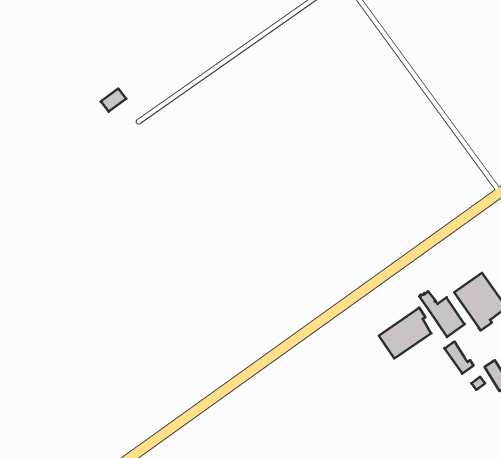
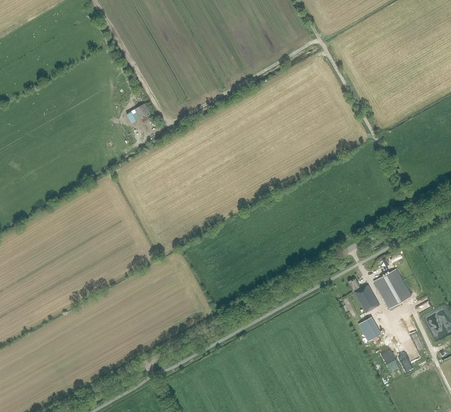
building: [379,308,431,358] -> none

